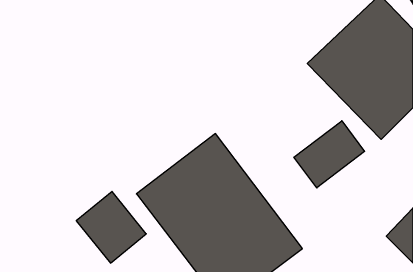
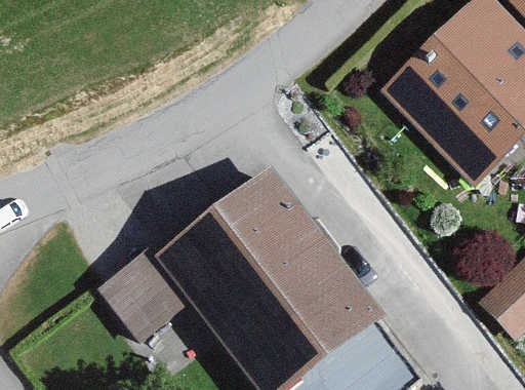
building: [294,121,365,188] -> none

